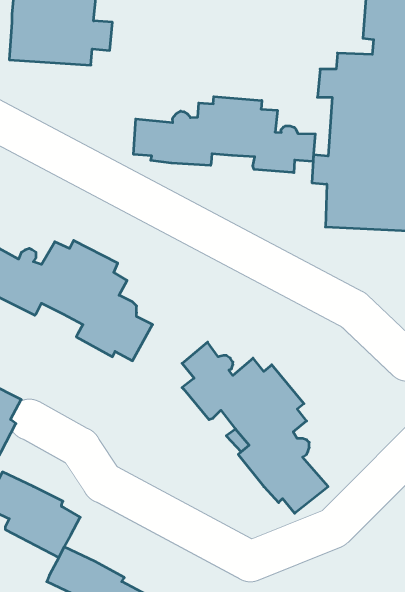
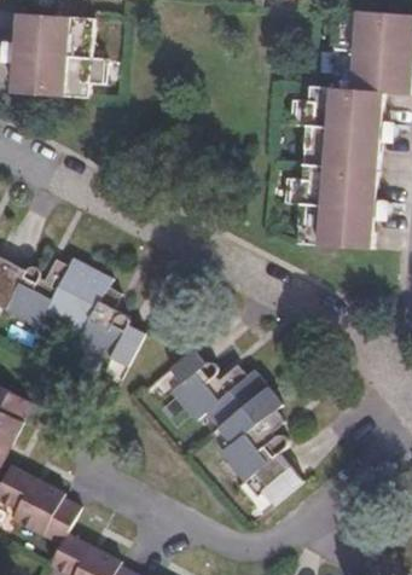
building: [134,97,315,173] -> none

